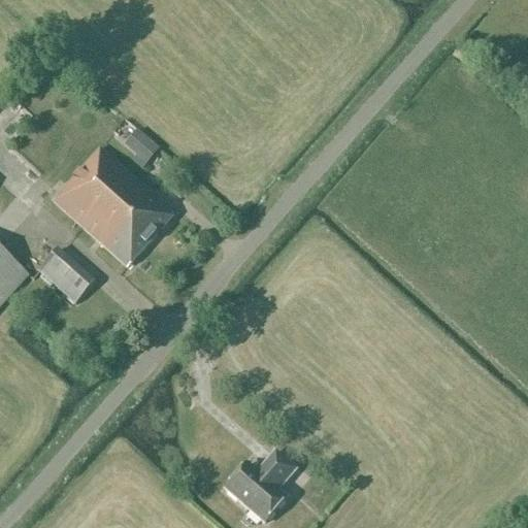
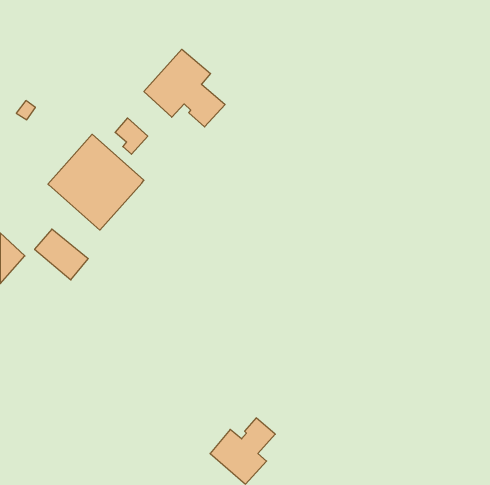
building: none -> [144,49,225,127]
building: [107,197,172,266] -> none

